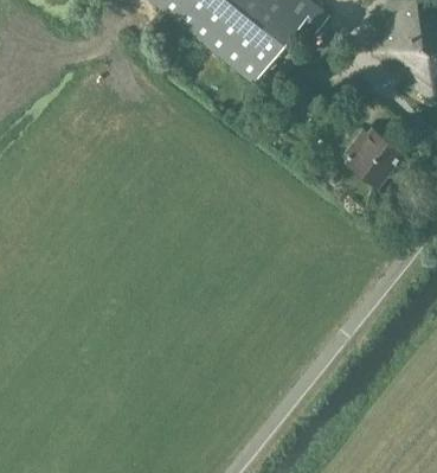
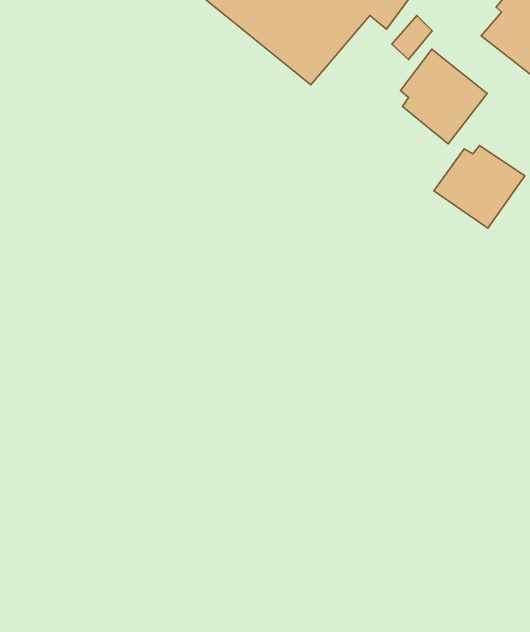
building: none -> [401,49,487,144]

